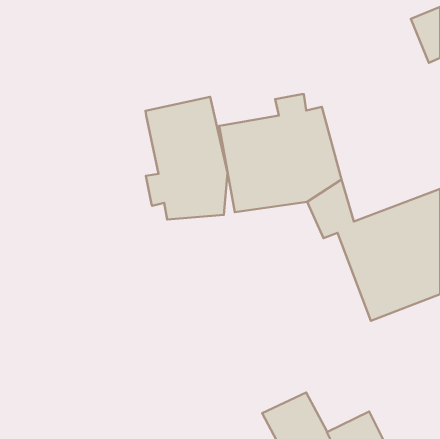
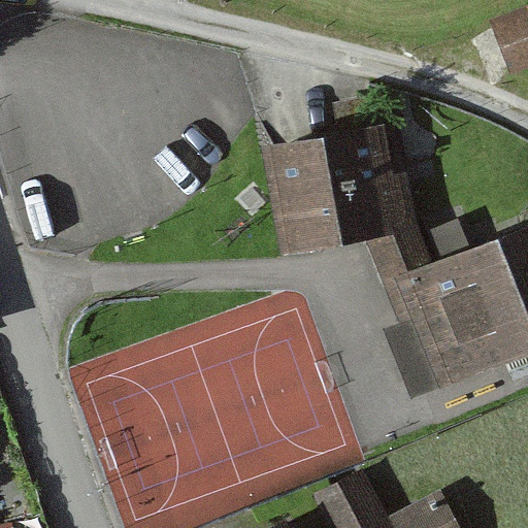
building: [145,97,228,220] -> none

